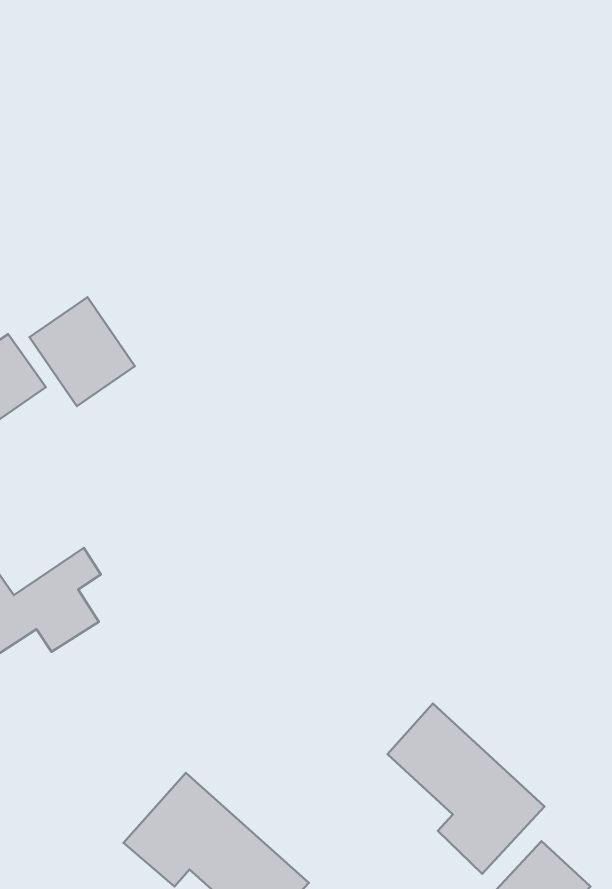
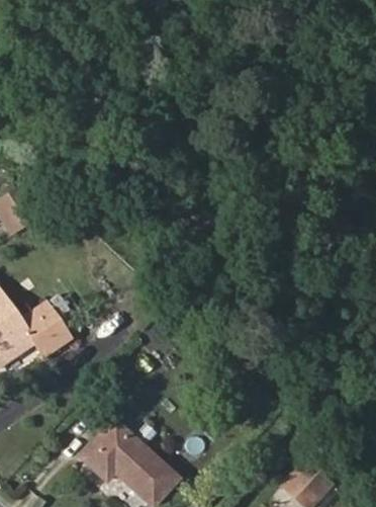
building: [29,297,135,406] -> none
building: [387,703,544,874] -> none

